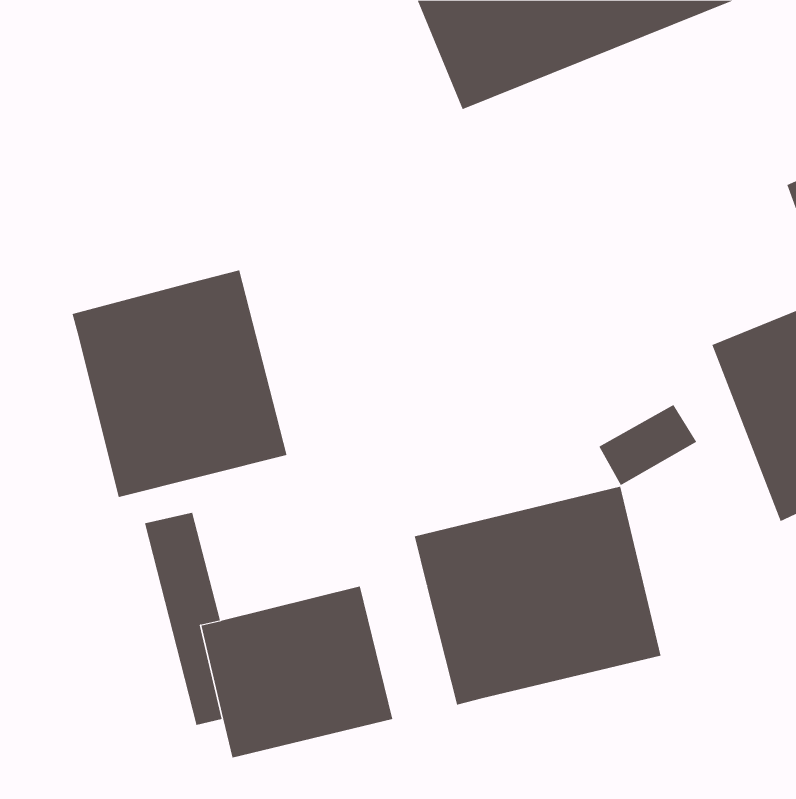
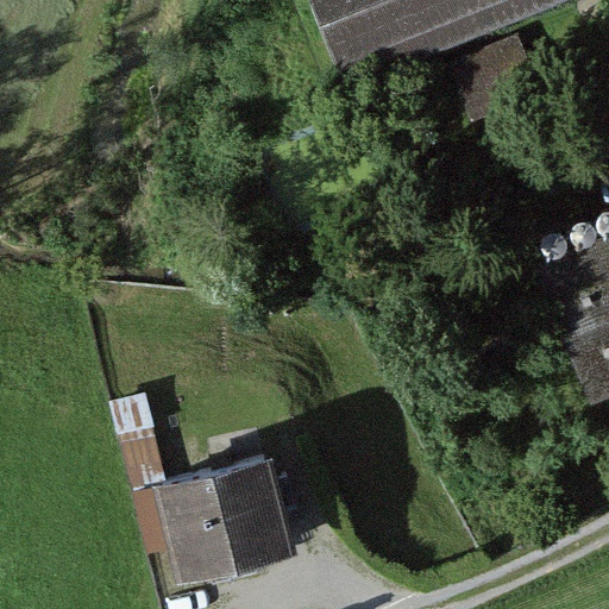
building: [72,269,287,498] -> none
building: [414,486,661,705] -> none

